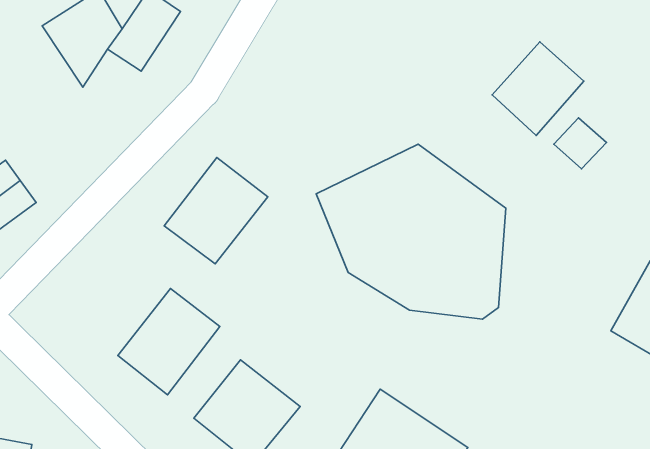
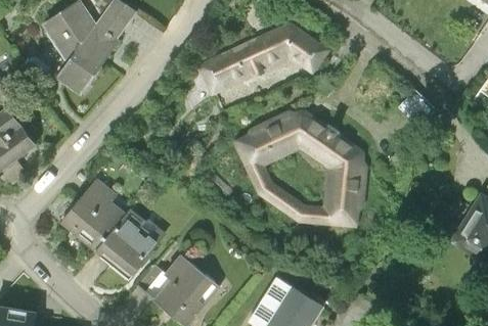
building: none -> [192,19,332,98]
building: [492,42,584,136] -> none
building: none -> [57,38,109,96]
building: [164,157,268,264] -> [57,178,130,252]

